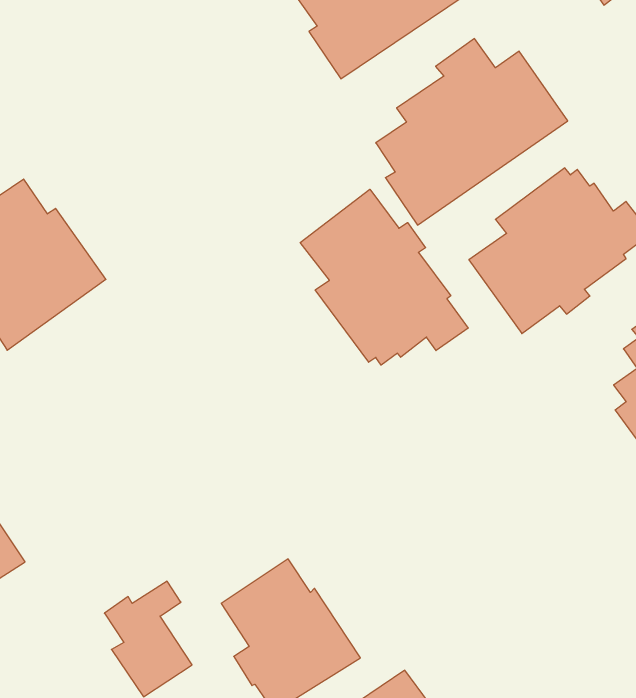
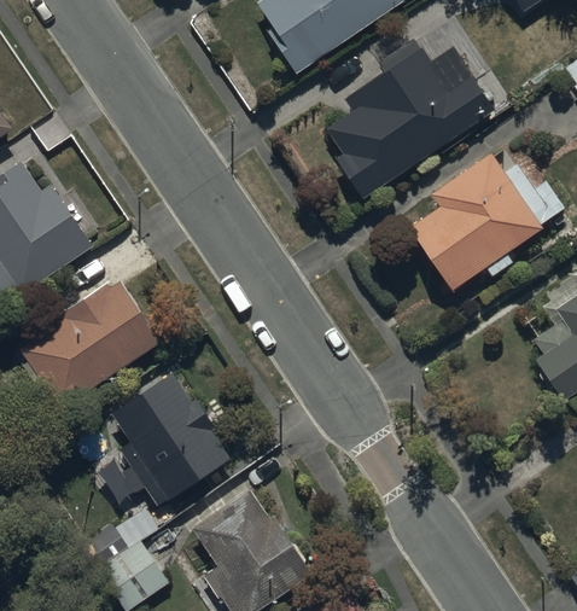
building: [300,189,468,365] -> none
building: none -> [19,279,163,409]
building: none -> [111,372,231,507]

